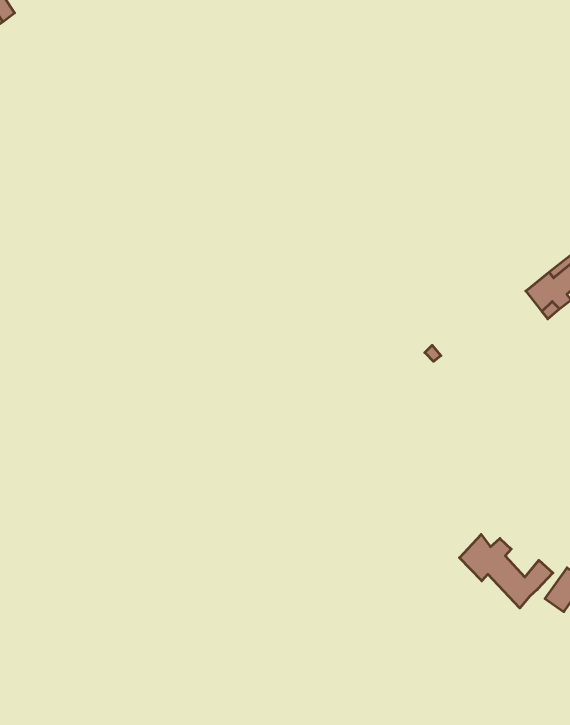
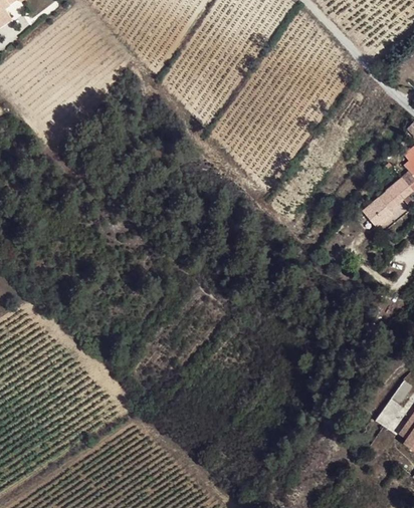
building: [459,534,553,608] -> none

